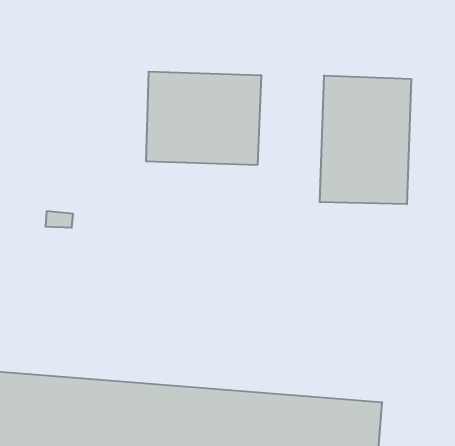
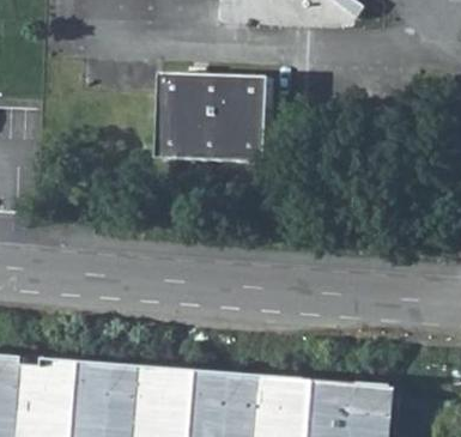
building: [320,75,411,204] -> none

